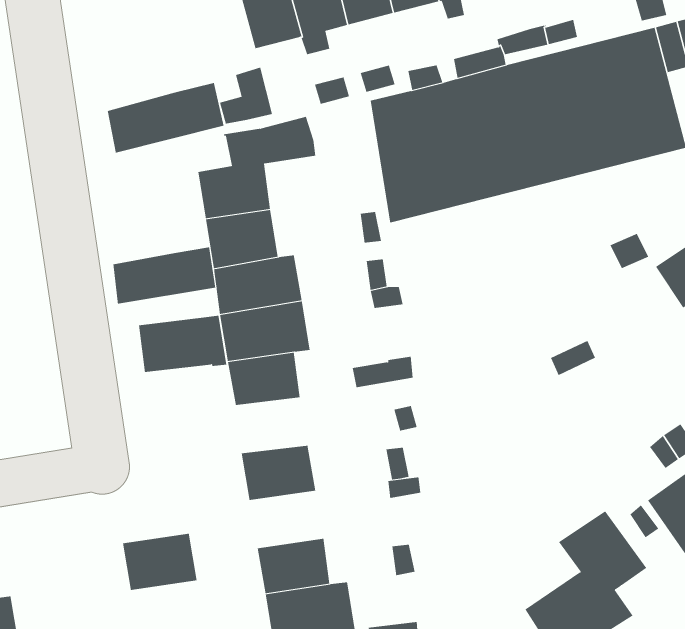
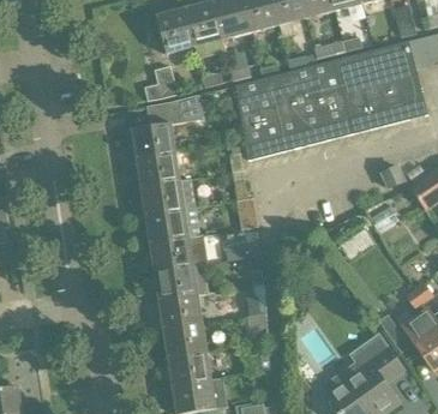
building: [107,82,224,153] -> none
building: [113,246,216,305] -> none
building: [138,315,227,373] -> [154,264,208,299]
building: [122,533,197,591] -> [162,322,208,356]

